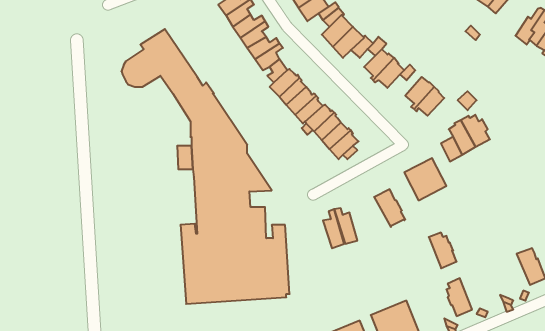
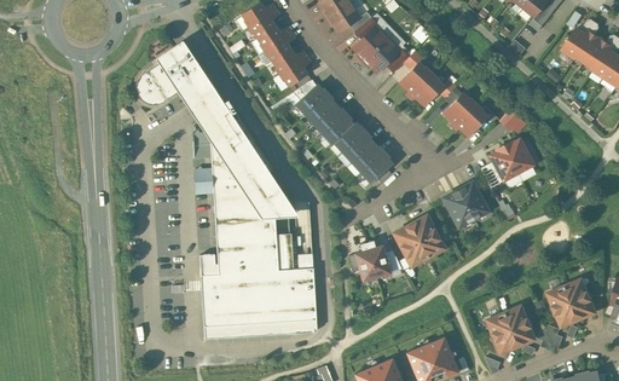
building: none -> [393,224,428,266]
building: [429,233,457,268] -> [503,307,533,346]
building: none -> [549,285,579,325]

